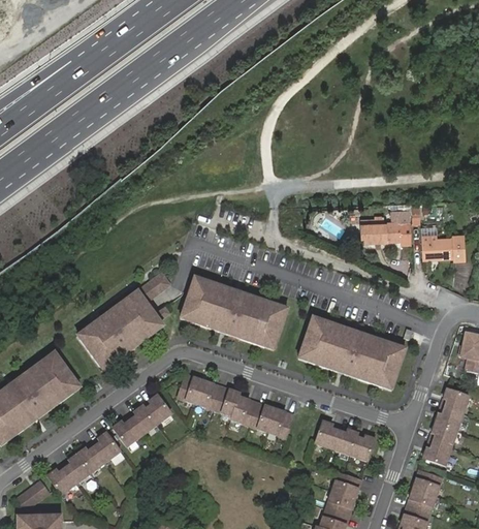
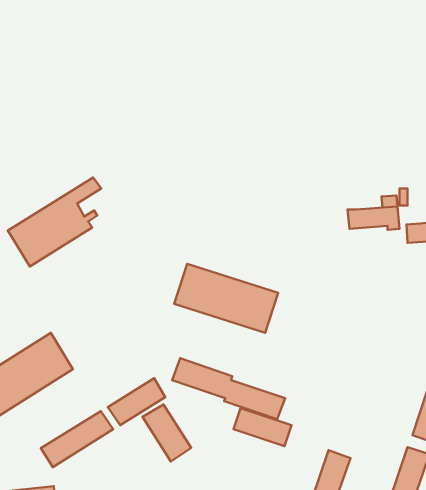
building: [77,280,173,372] -> [8,177,101,267]
building: [300,317,407,388] -> none
building: [317,421,377,460] -> [233,408,292,446]
building: none -> [143,404,191,462]
building: [17,475,53,507] -> none

